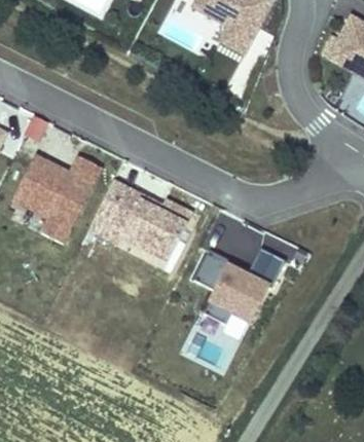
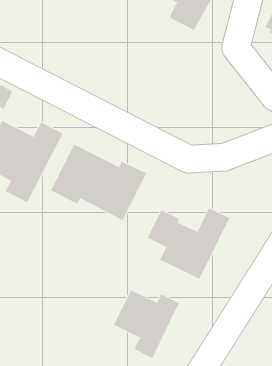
building: none -> [113,289,180,359]

